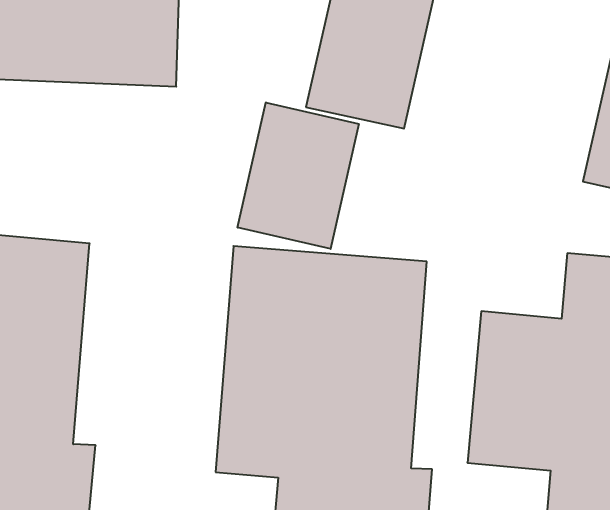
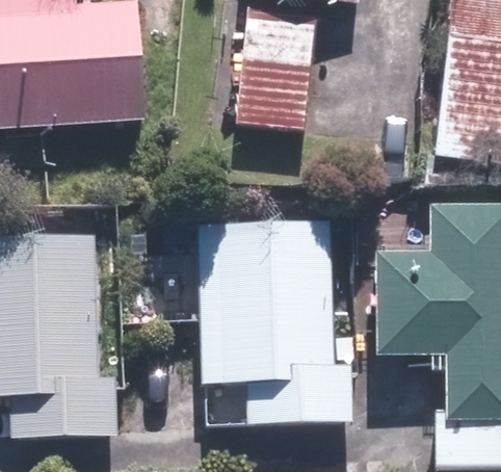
building: [238,102,359,249] -> none

